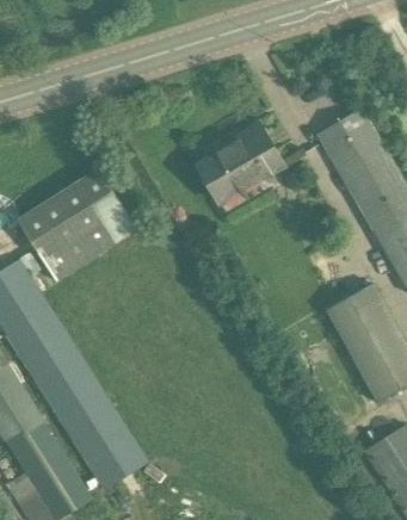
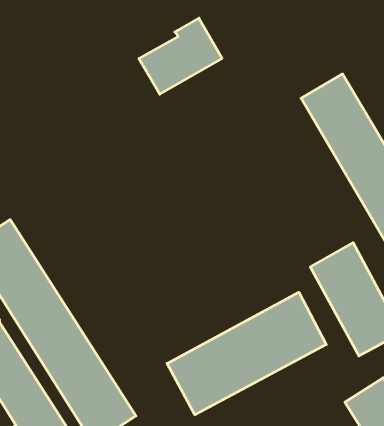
building: [198,124,284,203] -> [139,18,222,94]
building: [14,167,135,281] -> none
building: none -> [167,292,326,415]

